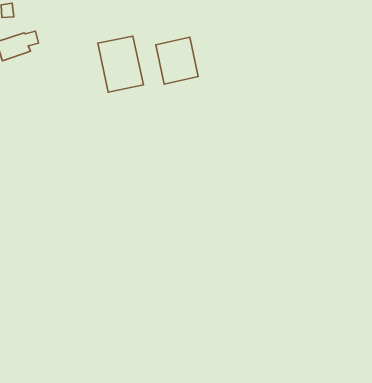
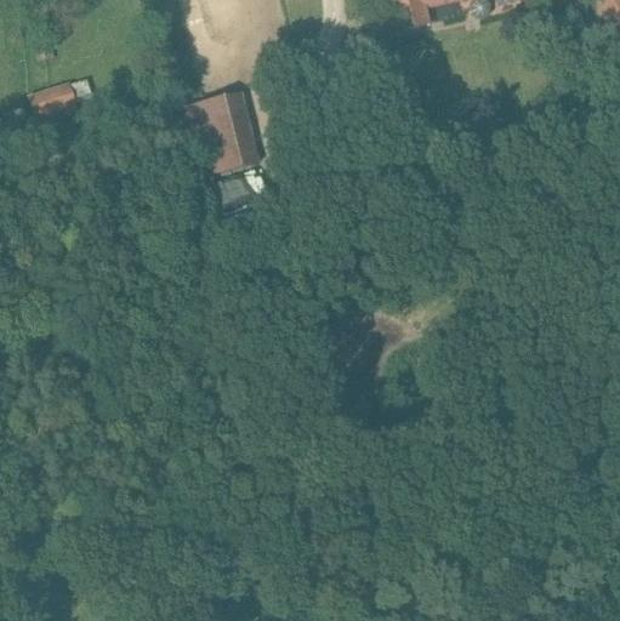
building: [156,37,198,84] -> none

